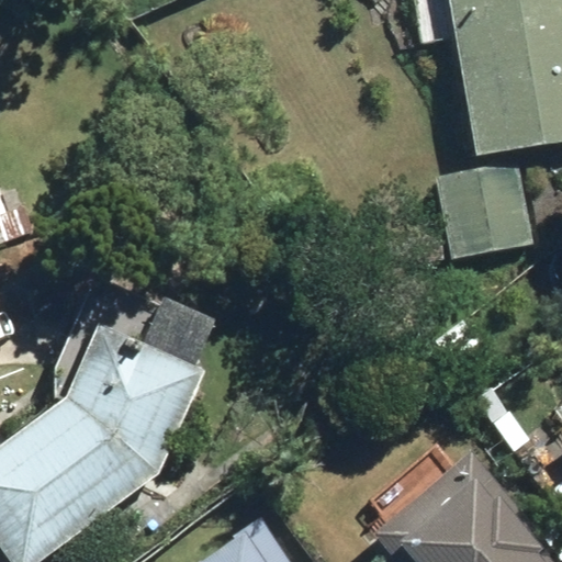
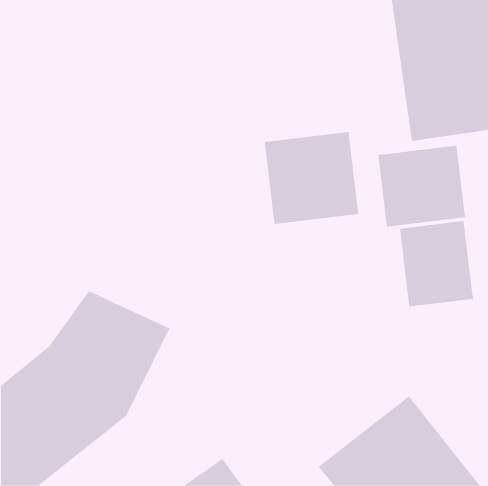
building: none -> [264,131,359,225]
building: none -> [399,220,473,307]

